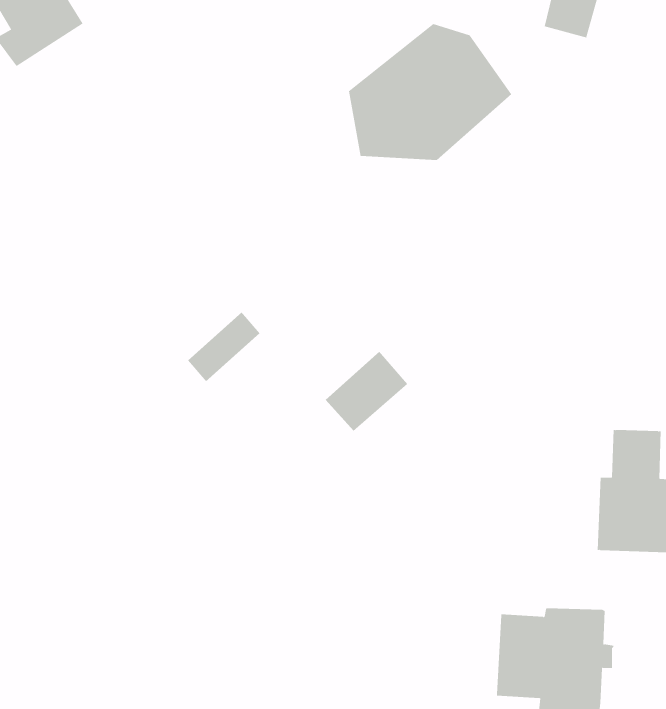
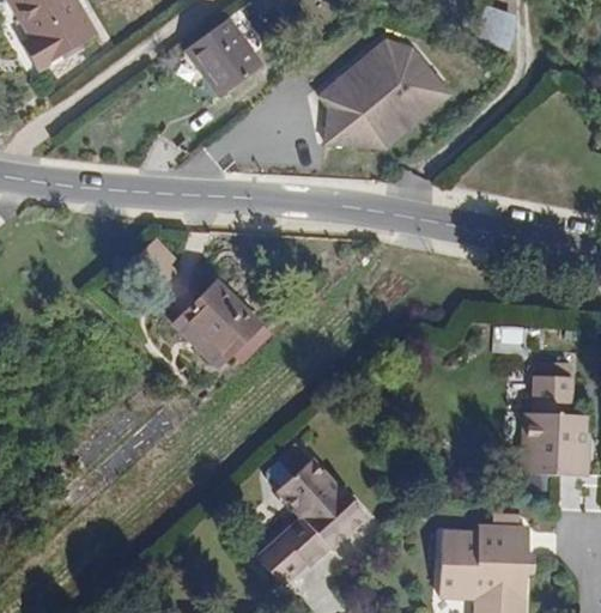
building: none -> [186,23,257,97]
building: [325,351,408,431] -> [195,295,265,362]
building: none -> [259,457,372,584]

